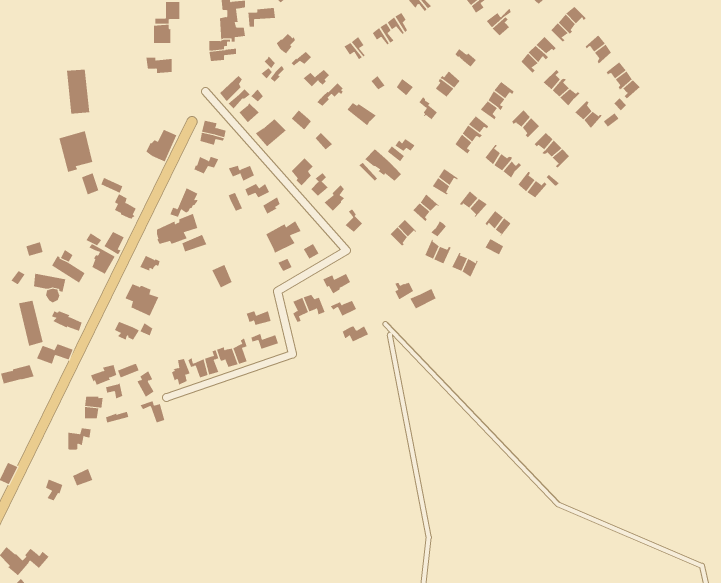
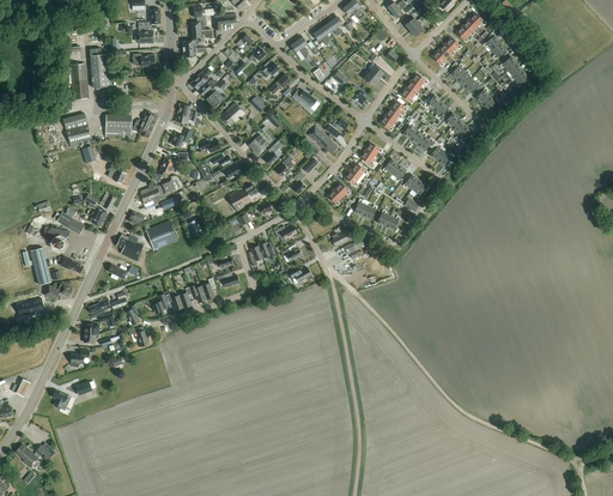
building: none -> [90,48,111,87]
building: none -> [104,115,132,138]
building: none -> [146,220,177,250]

